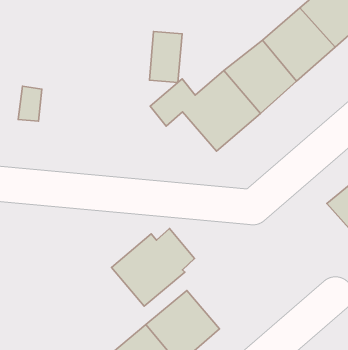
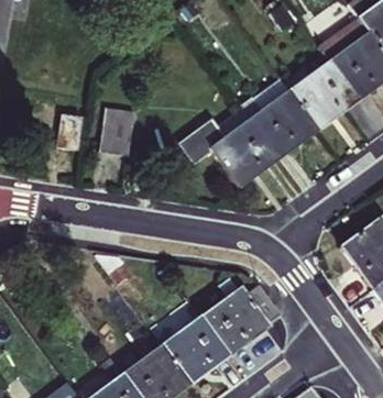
building: [149,31,182,82] -> [102,106,136,155]
building: [112,229,194,306] -> [201,284,280,354]

